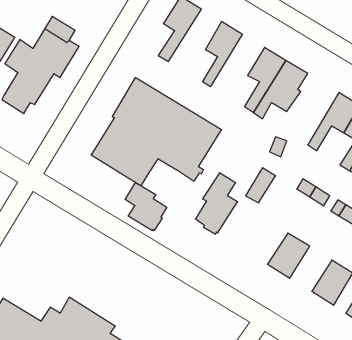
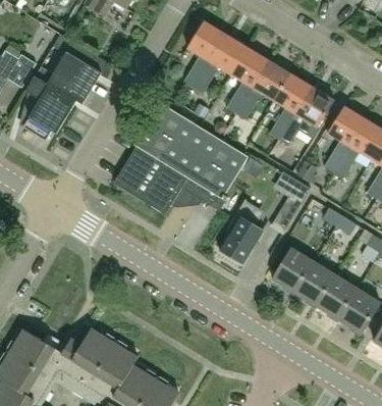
building: none -> [193,35,247,94]
building: none -> [235,60,290,119]
building: none -> [324,106,366,172]
building: [125,182,167,231] -> none
building: none -> [271,248,314,294]
building: none -> [316,275,359,321]

